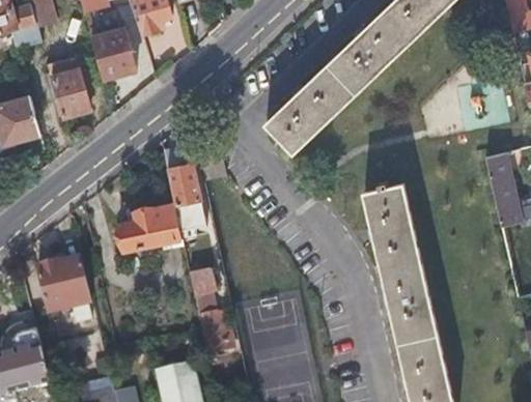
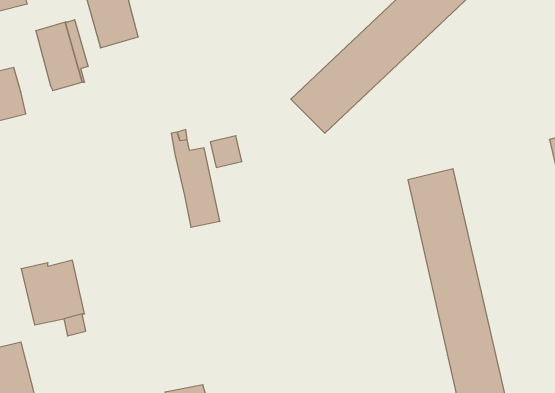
building: [115,204,183,252] -> none
building: [191,267,231,355] -> none

